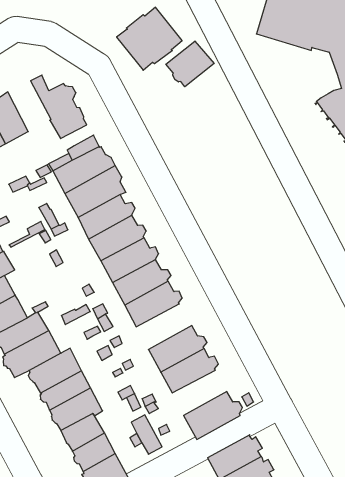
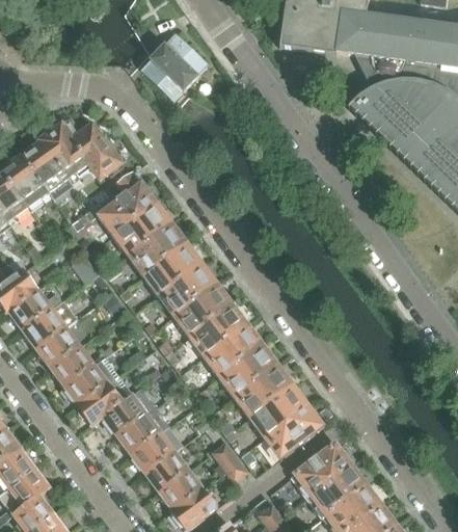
building: [166,41,214,87] -> none
building: none -> [41,124,88,178]
building: none -> [204,326,261,376]
building: none -> [249,387,306,436]

